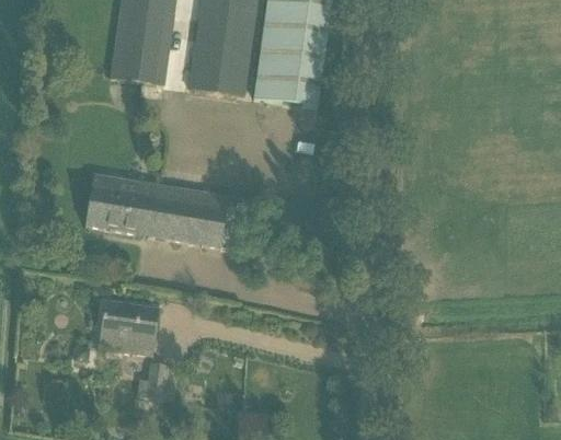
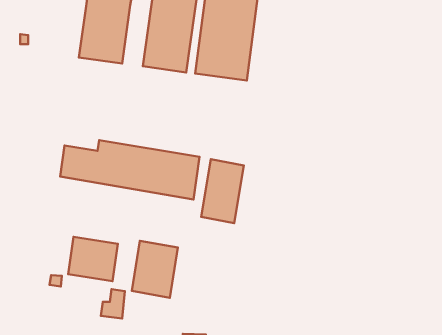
building: none -> [201,159,244,223]
building: none -> [132,241,178,298]

